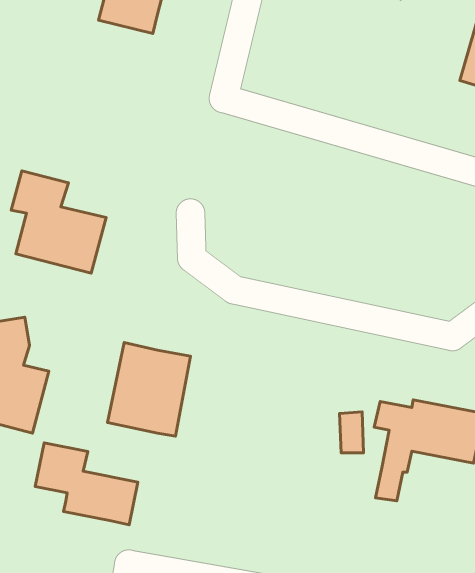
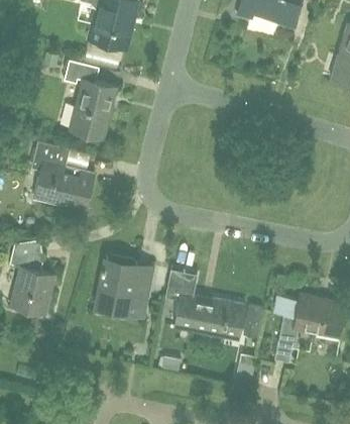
building: none -> [63,61,115,139]
building: none -> [165,270,244,339]
building: [35,443,138,525] -> none

